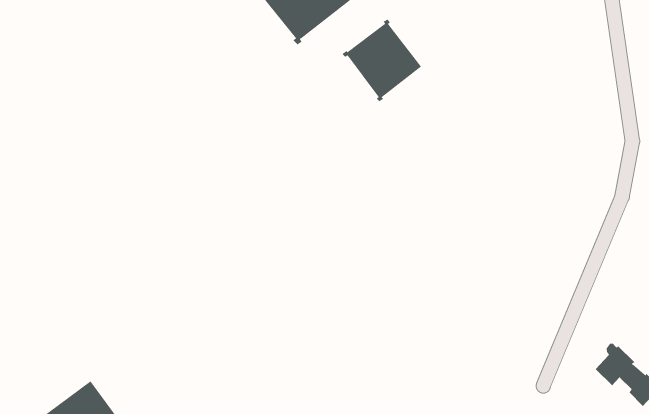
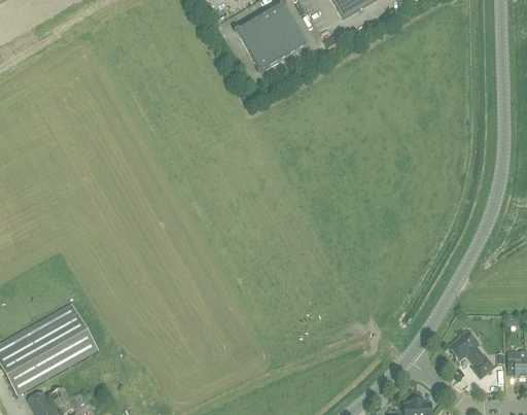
building: [341,19,422,102] -> none

